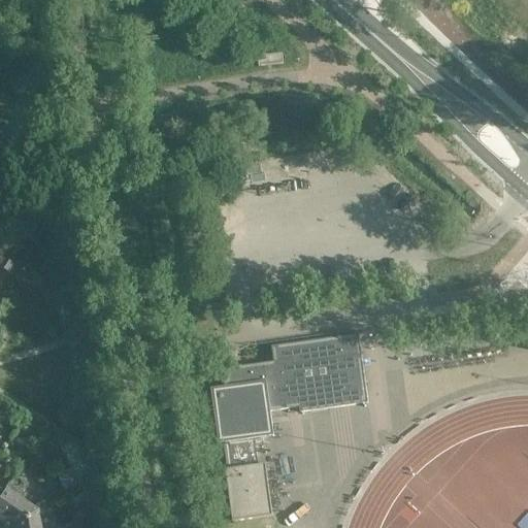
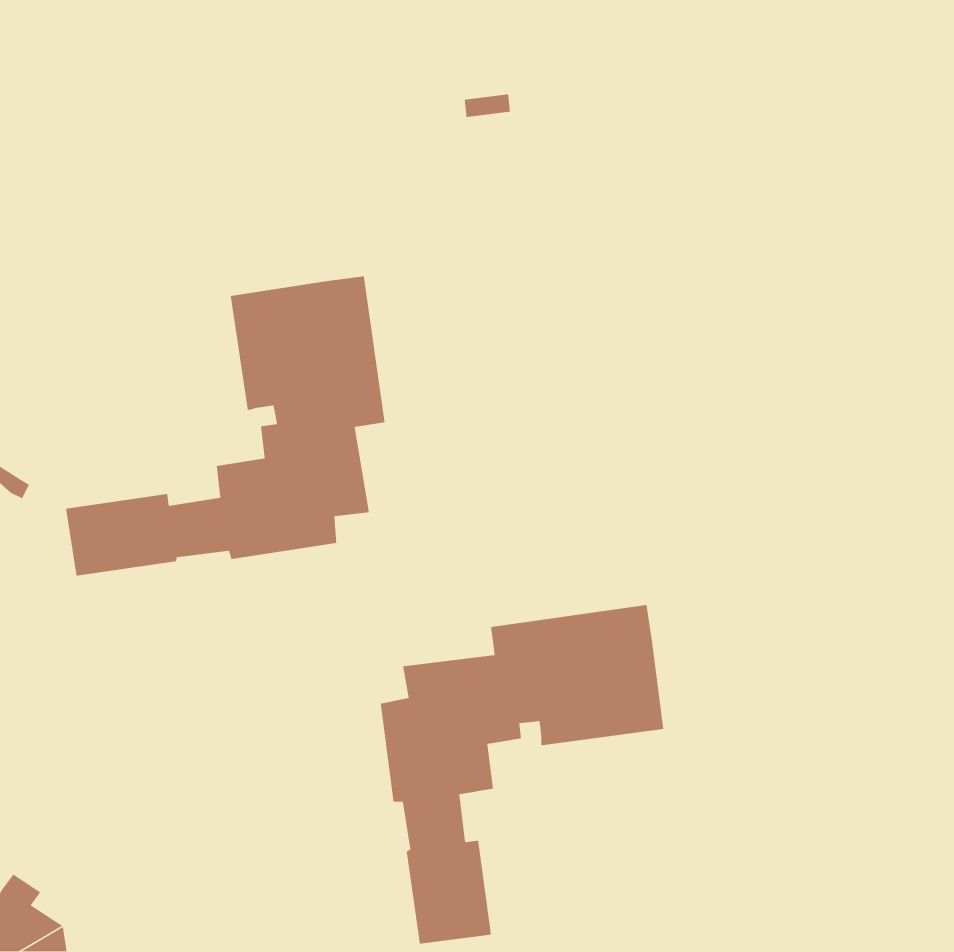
building: none -> [65,275,386,576]

